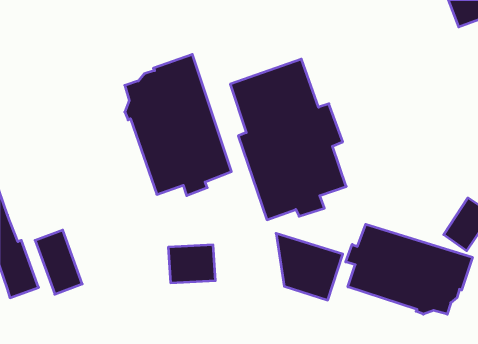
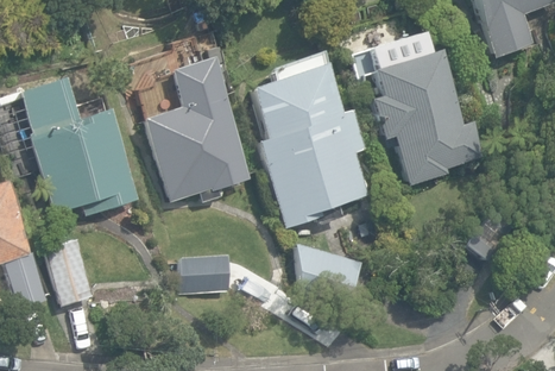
building: none -> [370,43,484,189]
building: none -> [20,76,139,216]
building: [346,224,472,314] -> none

